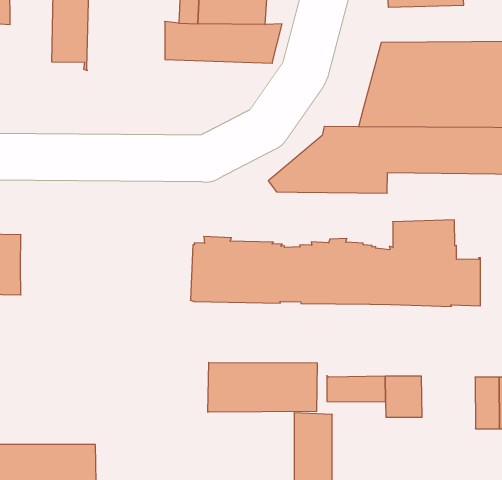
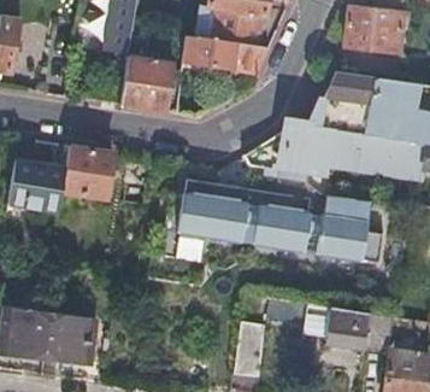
building: none -> [120,58,172,111]
building: none -> [61,145,113,198]
building: [208,362,317,412] -> none
building: none -> [326,308,369,350]

